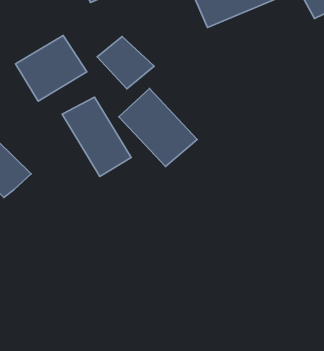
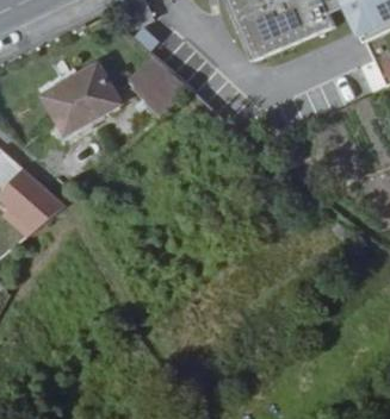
building: [119,88,197,167] -> none
building: [62,97,131,176] -> none

